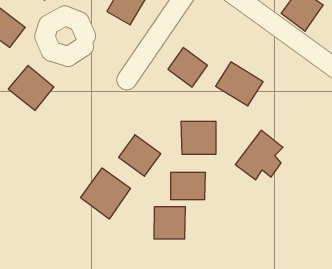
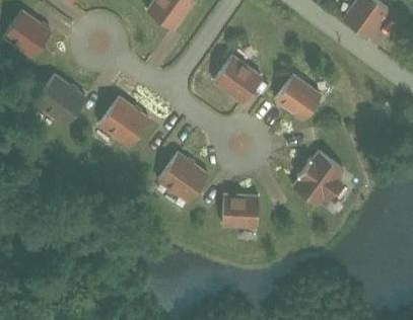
building: none -> [96,96,148,148]
building: [181,121,216,154] -> none
building: [81,168,130,219] -> none
building: [154,207,185,239] -> none

